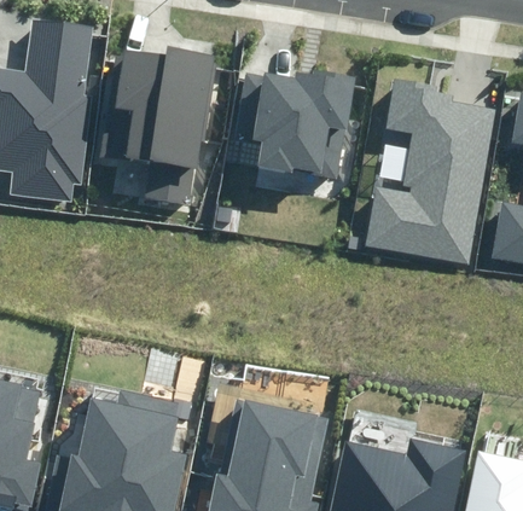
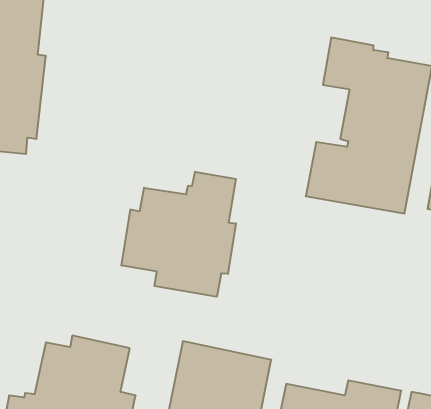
building: [98,46,215,204] -> none
building: [233,70,355,180] -> none
building: none -> [121,172,236,297]

